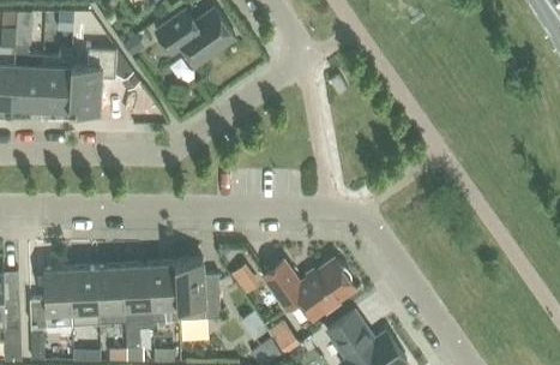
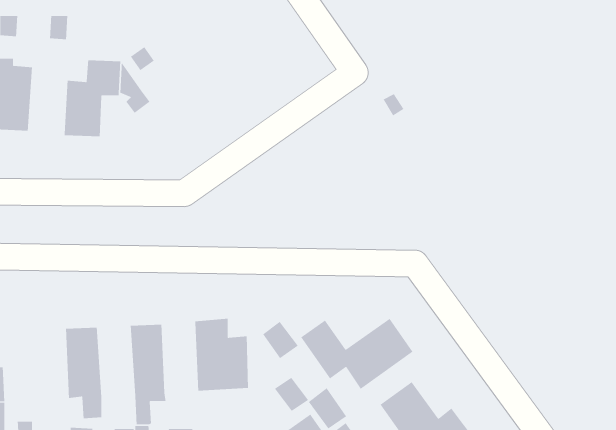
building: [155,10,235,67] -> none
building: [40,50,72,110] -> none
building: [149,264,177,322] -> none
building: [96,267,126,325] -> none
building: [29,269,72,329] -> none

